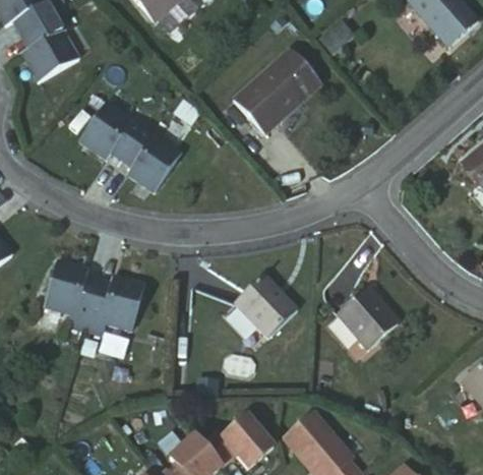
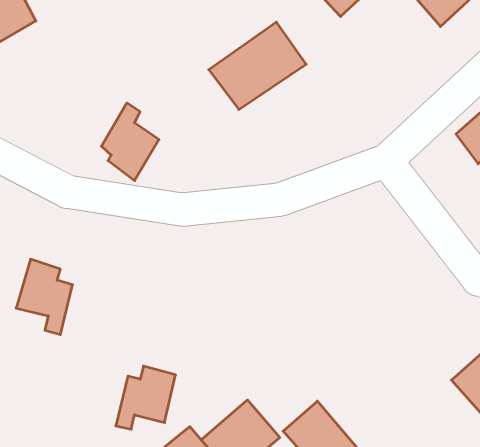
building: [84,112,154,167] -> none
building: [230,265,294,329] -> none
building: [93,285,147,343] -> [116,366,176,429]
building: [327,288,388,349] -> none

